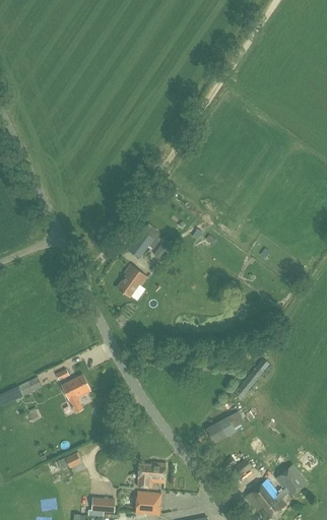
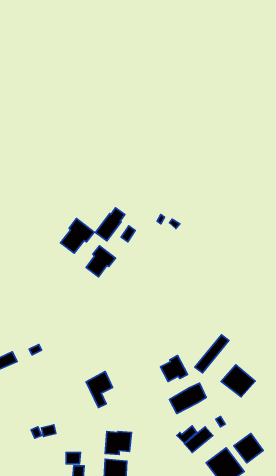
building: none -> [61,218,94,253]
building: [61,374,89,412] -> [86,371,113,408]
building: none -> [160,356,187,381]
building: none -> [221,365,255,397]

